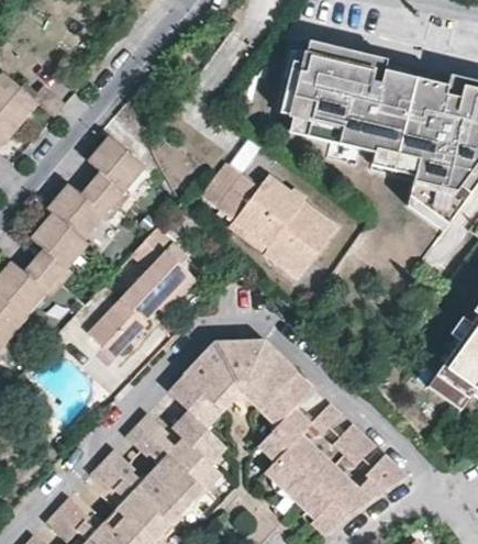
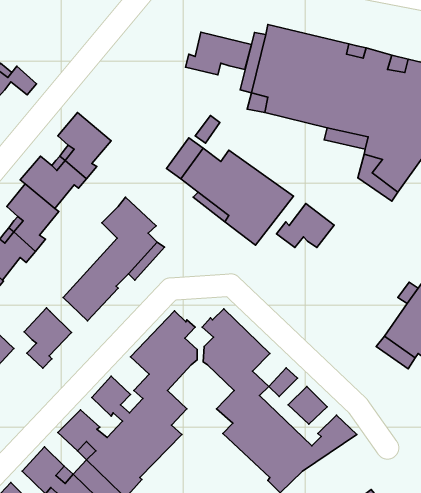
building: none -> [185,32,251,75]
building: none -> [277,203,334,248]
building: none -> [24,308,72,368]
building: [211,345,264,414] -> none

